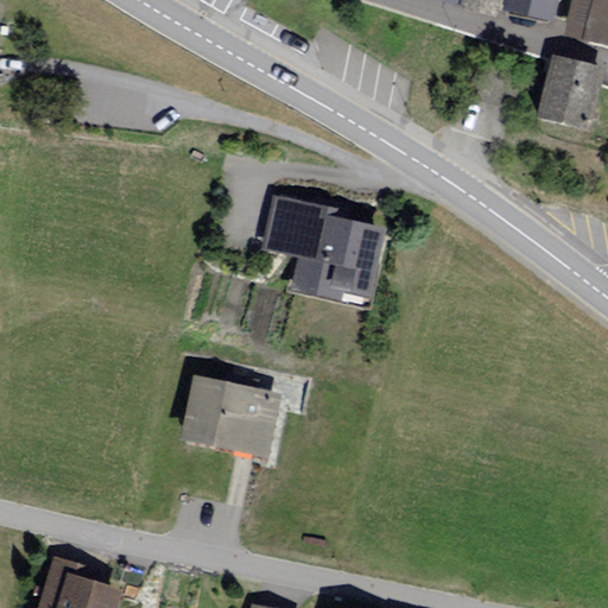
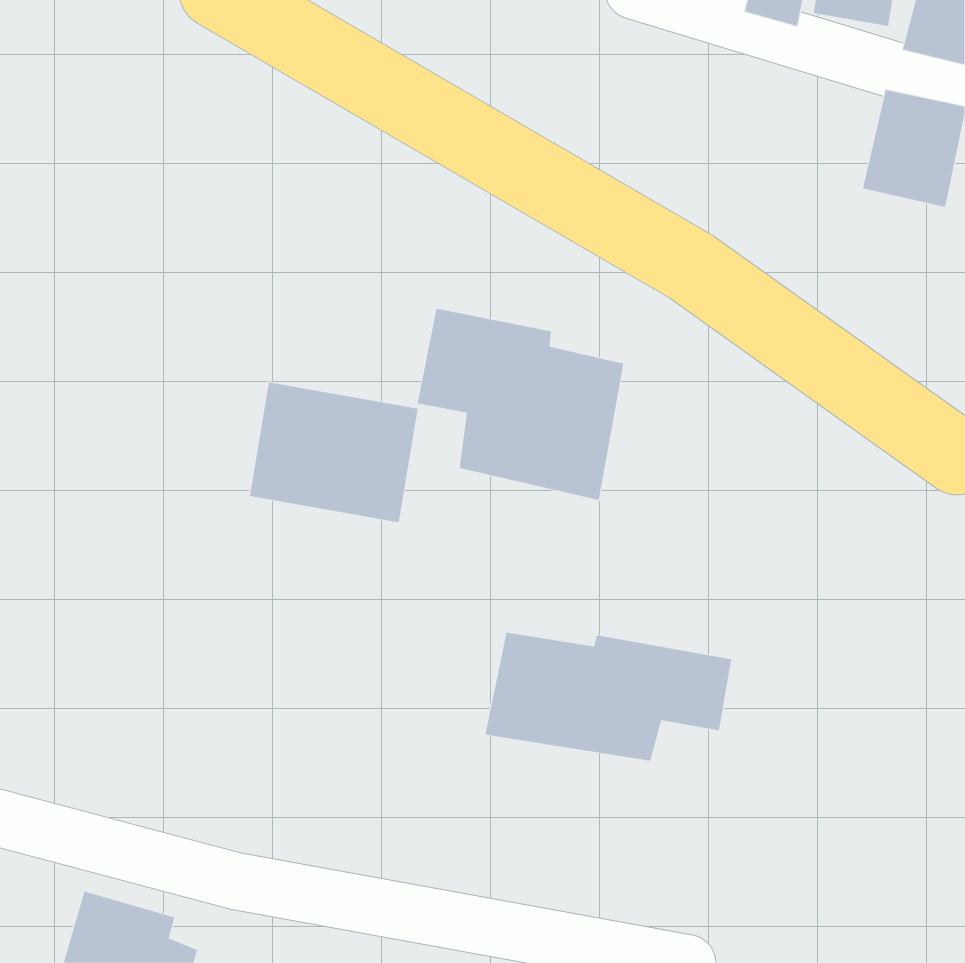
building: [178,375,284,463] -> [249,382,418,523]
building: none -> [485,632,732,761]

